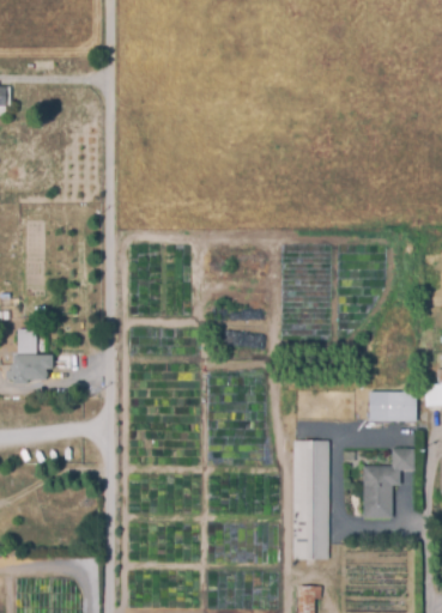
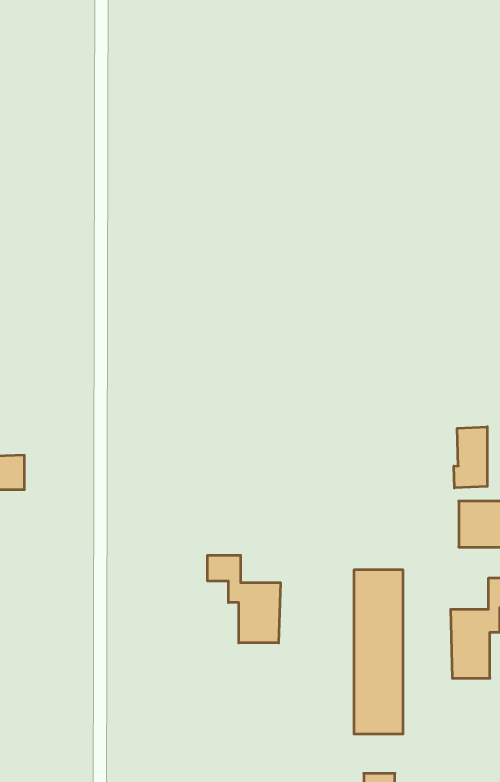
building: none -> [454,427,487,488]
building: none -> [208,555,280,643]

